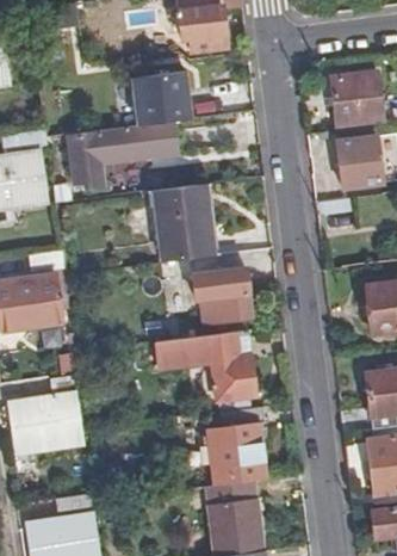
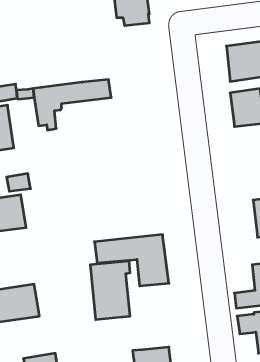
building: [131,74,191,126] -> none
building: [155,185,213,262] -> none
building: [192,271,250,325] -> none
building: [211,408,265,487] -> [90,261,130,320]

